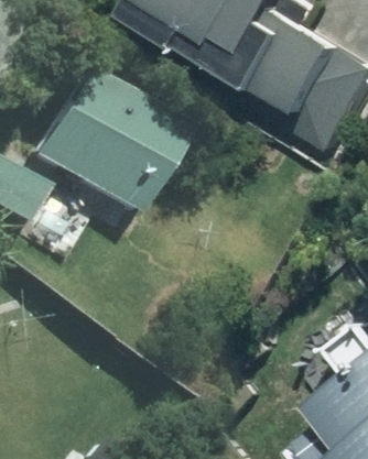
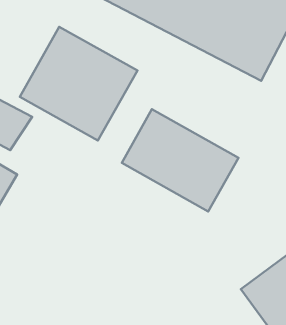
building: none -> [122,109,239,211]

